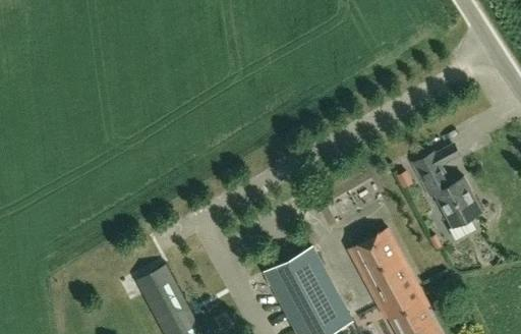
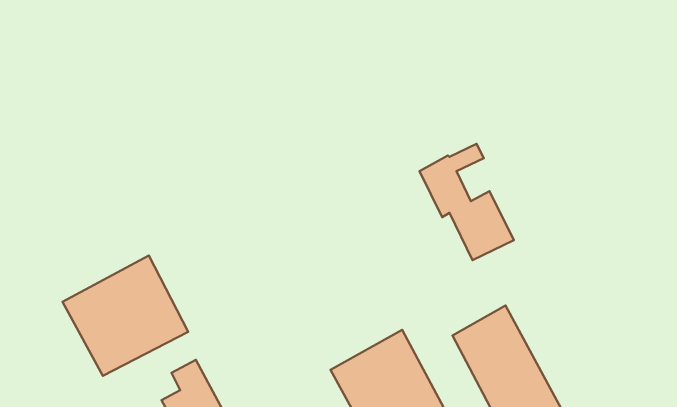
building: [415,146,482,228] -> [419,144,514,260]
building: none -> [62,256,188,376]

